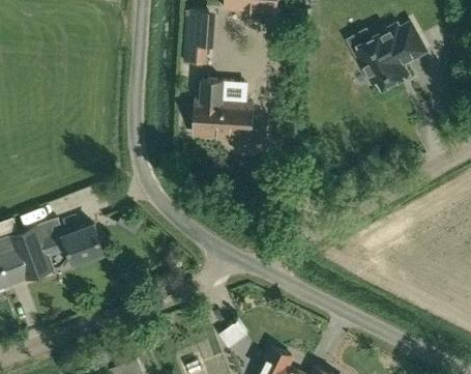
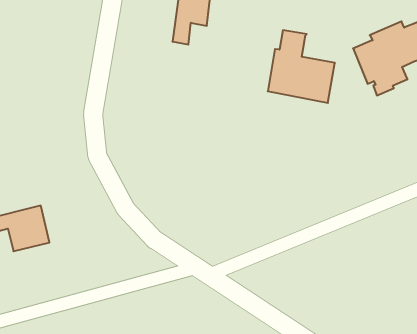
building: [194,78,251,138] -> [268,30,335,103]

